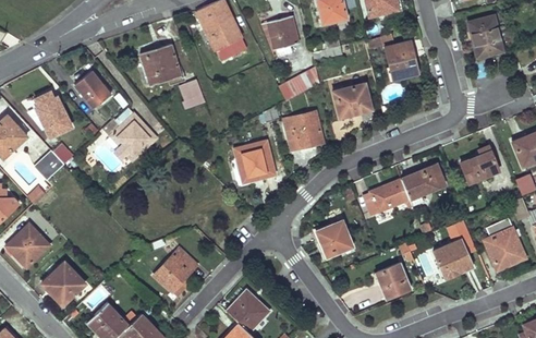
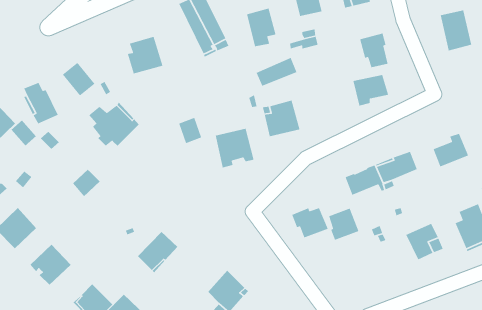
building: [180,81,205,109] -> [178,117,202,144]
building: [332,84,370,118] -> [353,74,389,107]
building: [35,150,64,180] -> [72,169,100,197]
building: [378,264,411,299] -> [328,207,359,241]

